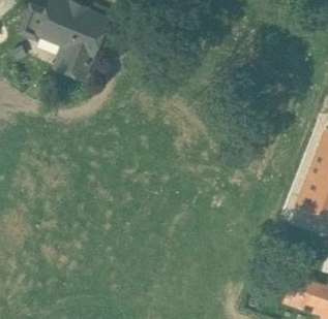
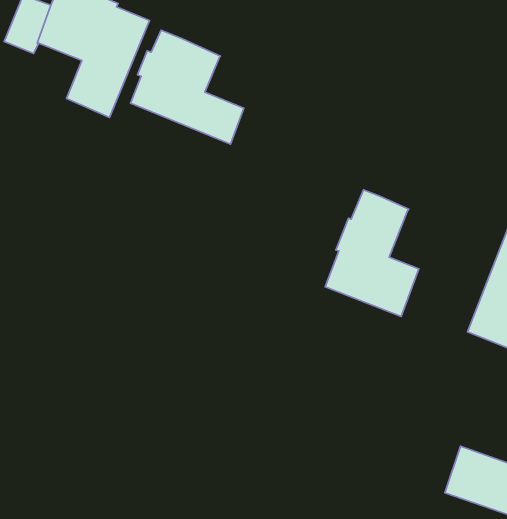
building: none -> [130,30,244,144]
building: none -> [325,190,419,317]

